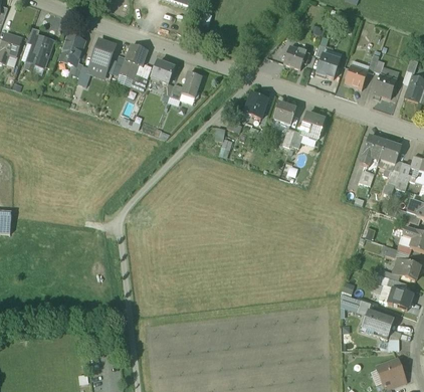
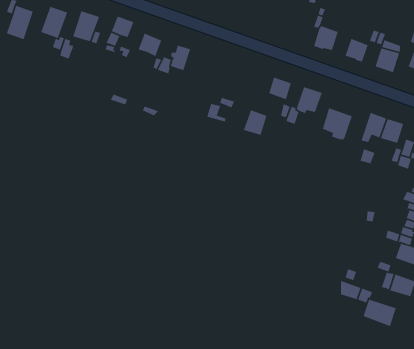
building: [282,45,308,68] -> none
building: [244,92,267,118] -> [243,109,268,136]
building: none -> [322,107,353,140]

